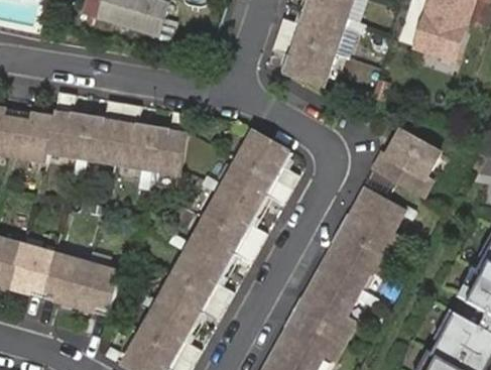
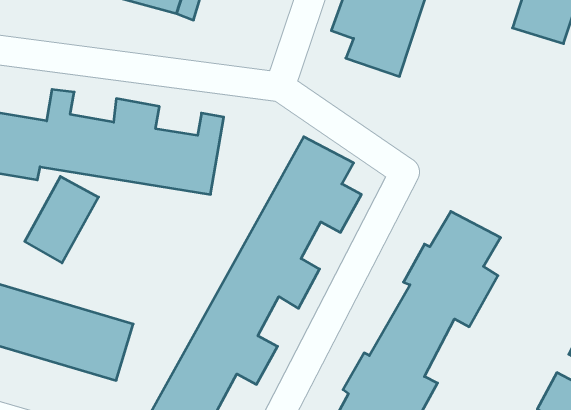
building: [370,129,437,194] -> none
building: none -> [25,176,99,263]

